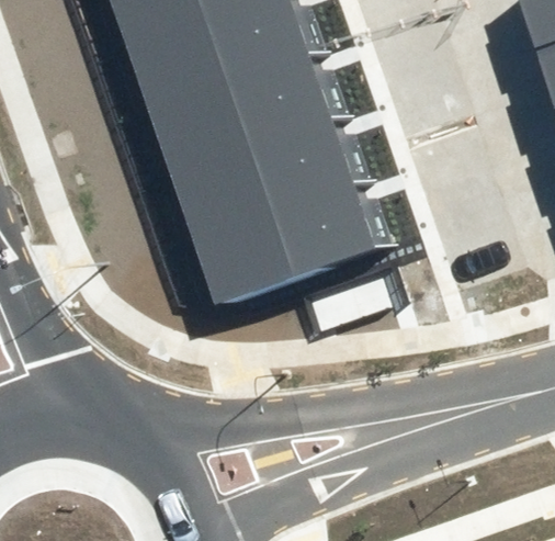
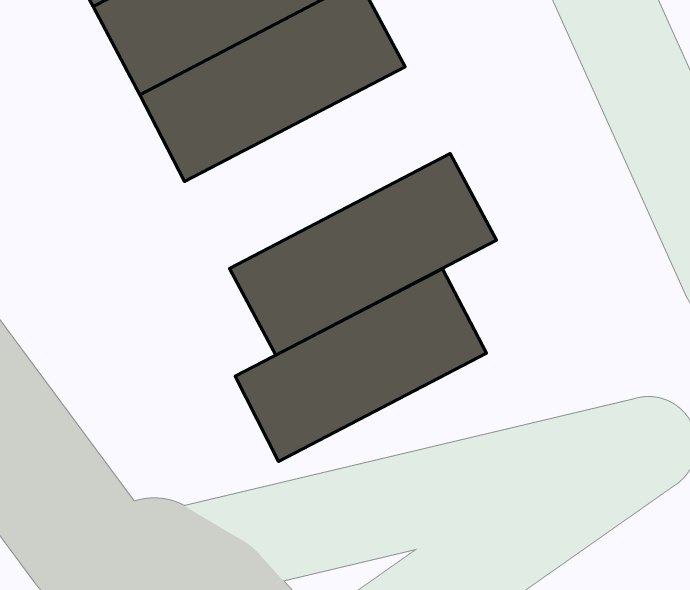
building: [172,116,360,240] -> none
building: none -> [235,269,487,461]

